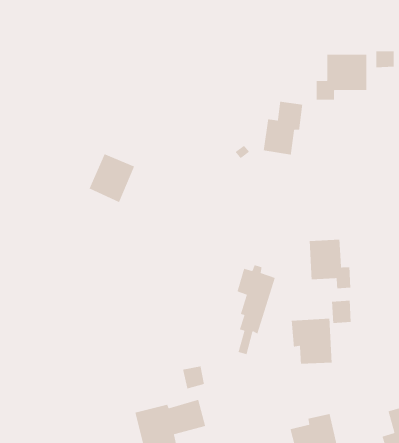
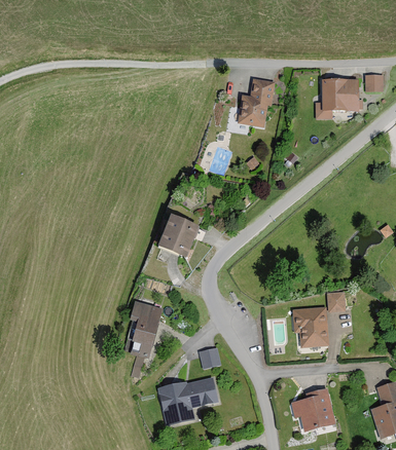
building: [263,101,303,156] -> [238,79,273,126]
building: [89,153,135,203] -> [159,214,200,257]
building: [309,239,351,289] -> none
building: [236,264,276,355] -> [130,297,164,375]

